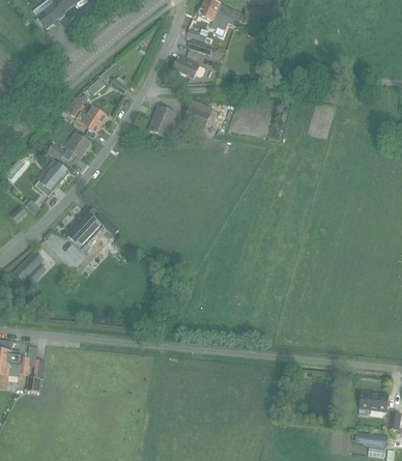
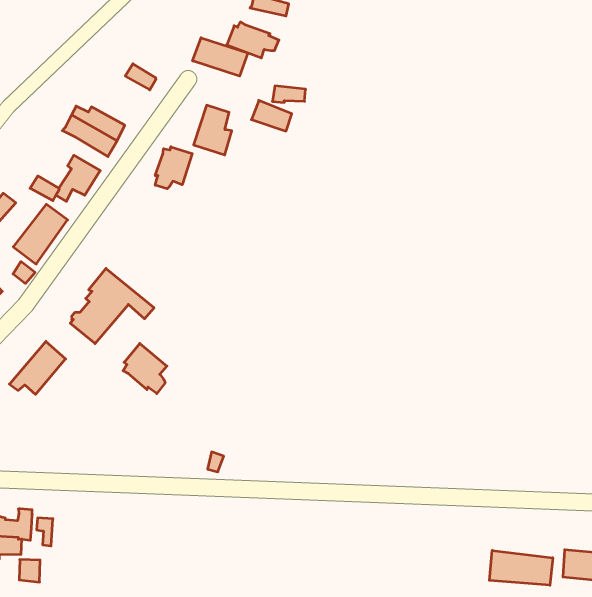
building: none -> [193,38,248,76]
building: none -> [155,147,192,189]
building: none -> [123,343,167,394]
building: none -> [489,550,553,585]

